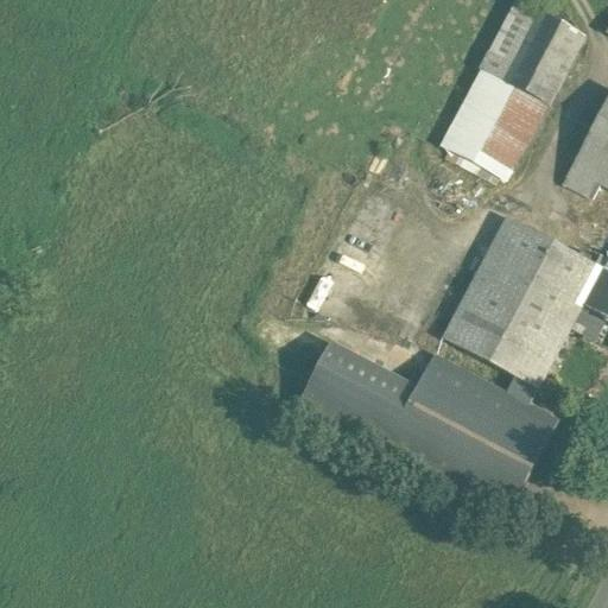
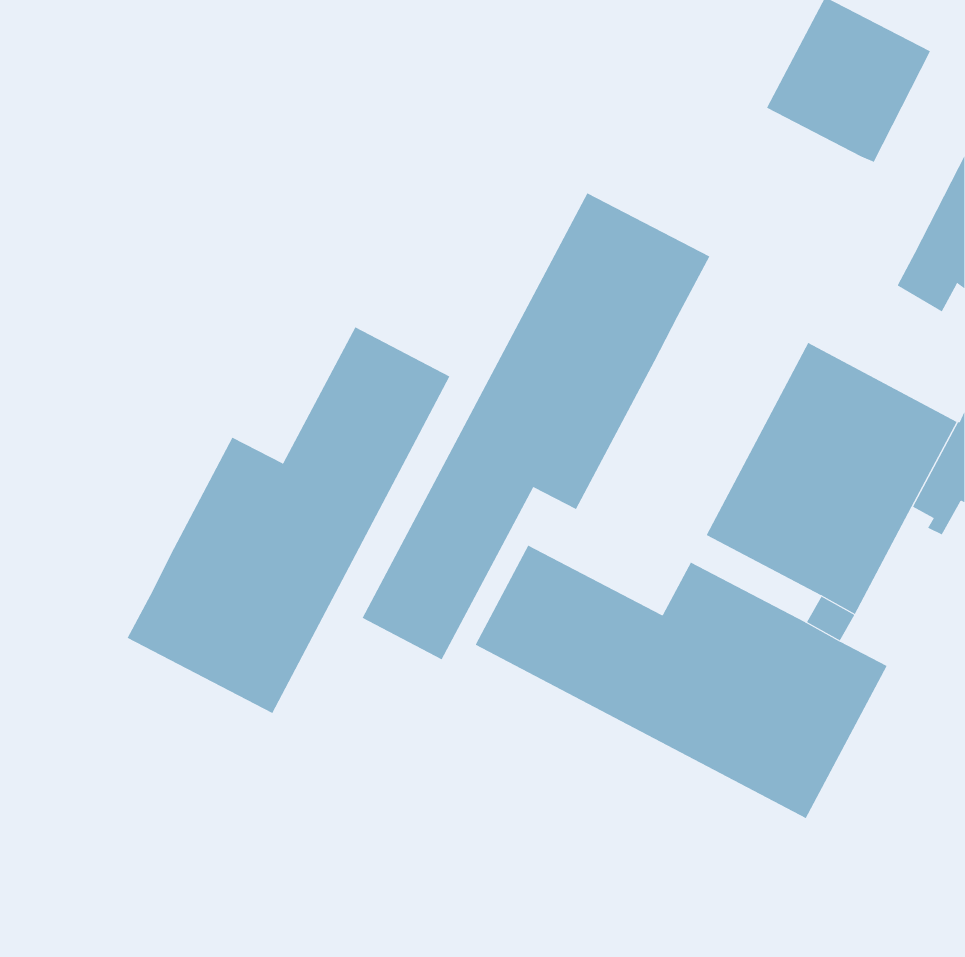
building: [442,68,540,175] -> none
building: none -> [362,192,710,660]
building: none -> [127,327,450,714]

